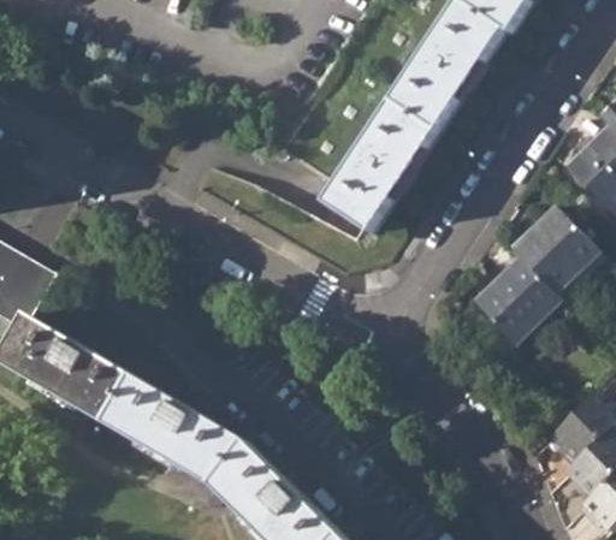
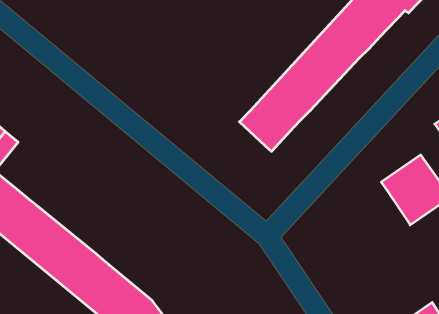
building: [472,259,555,342] -> none

